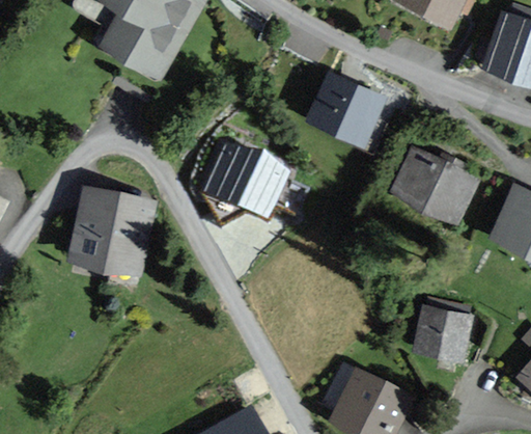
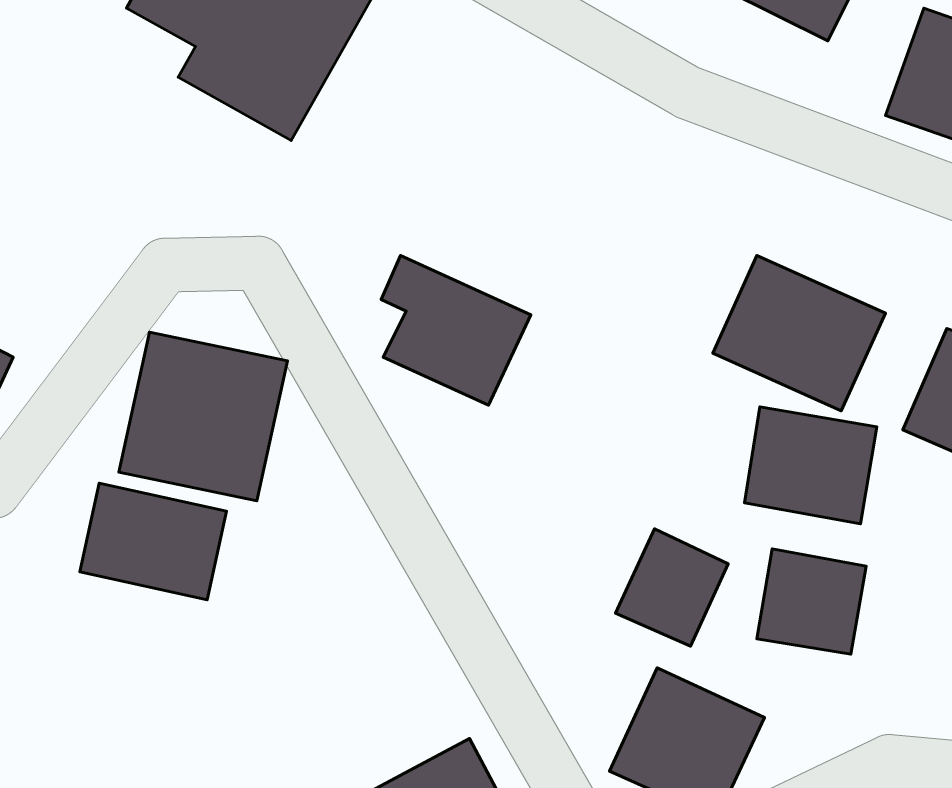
building: [307,72,388,150] -> none
building: none -> [744,407,877,524]
building: none -> [80,483,227,600]
building: none -> [615,529,728,646]

